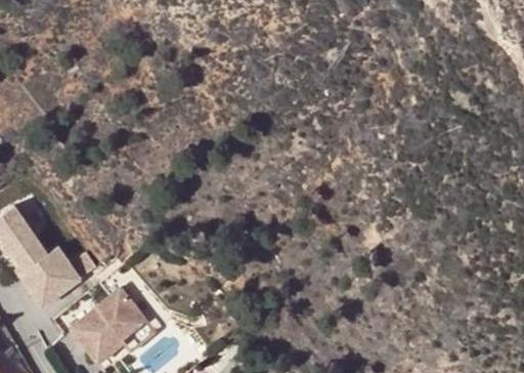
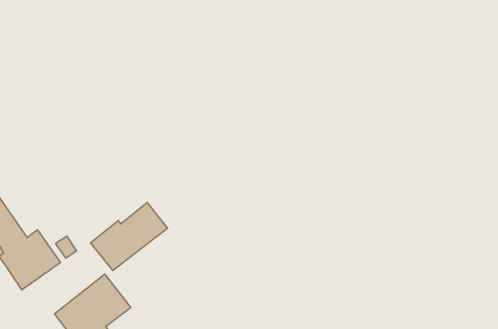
building: none -> [91,202,167,270]

